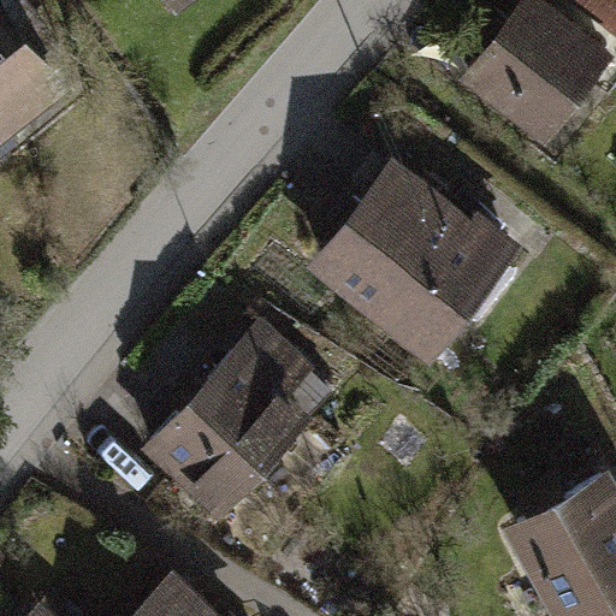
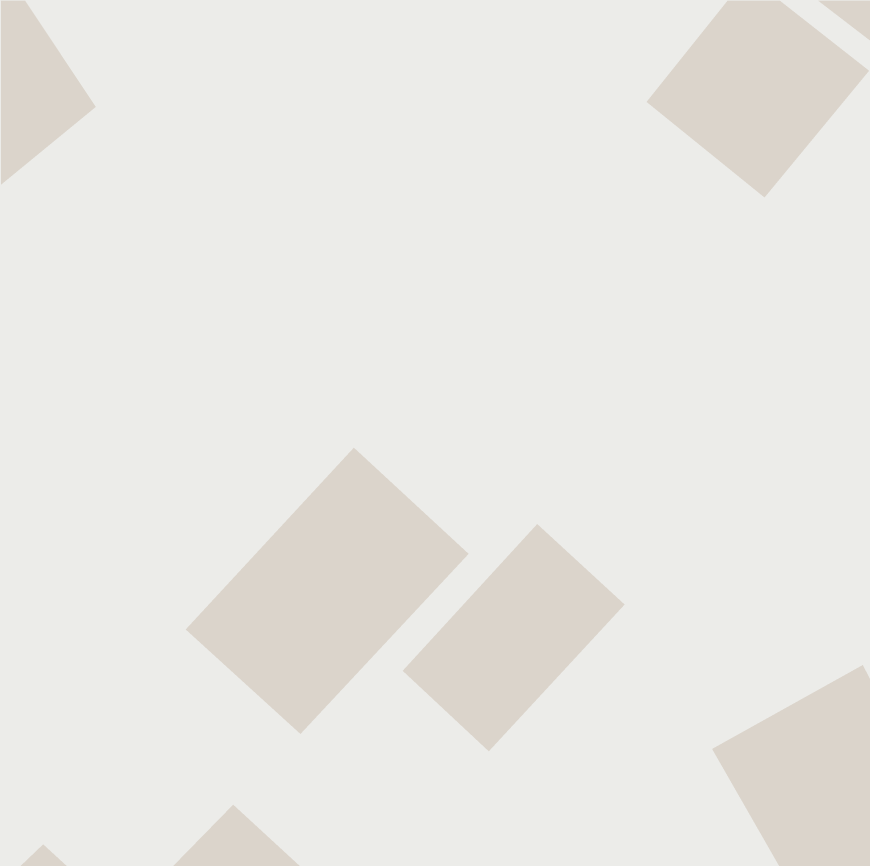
building: [308,153,519,361] -> none
building: none -> [402,523,625,752]

